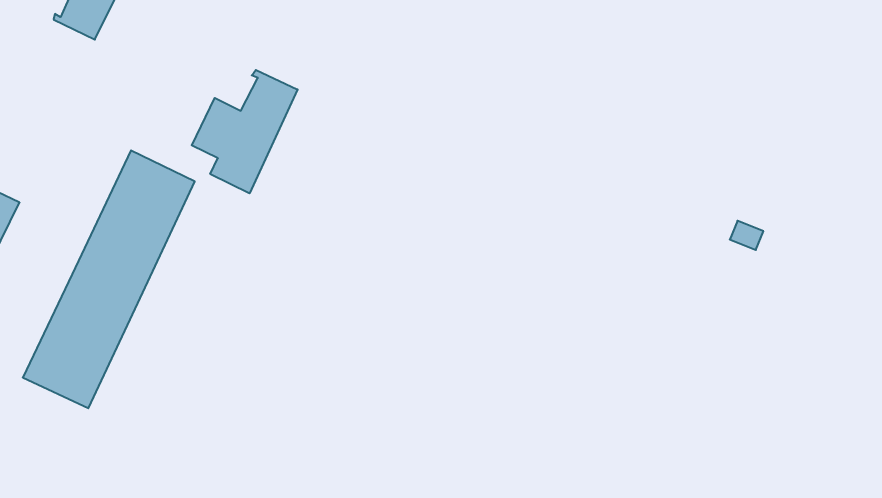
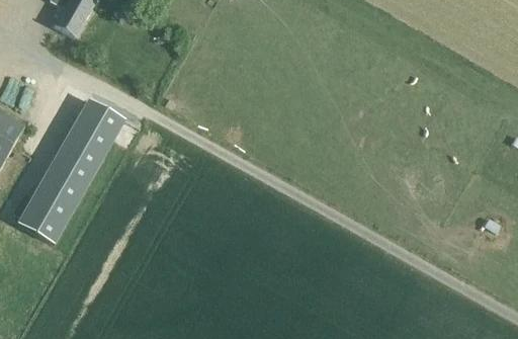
building: [192,70,298,193] -> none

